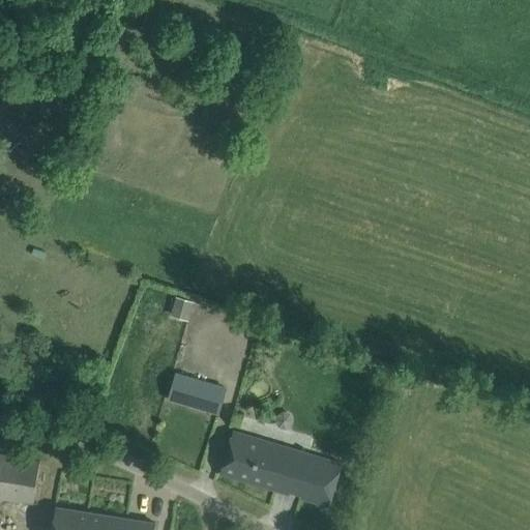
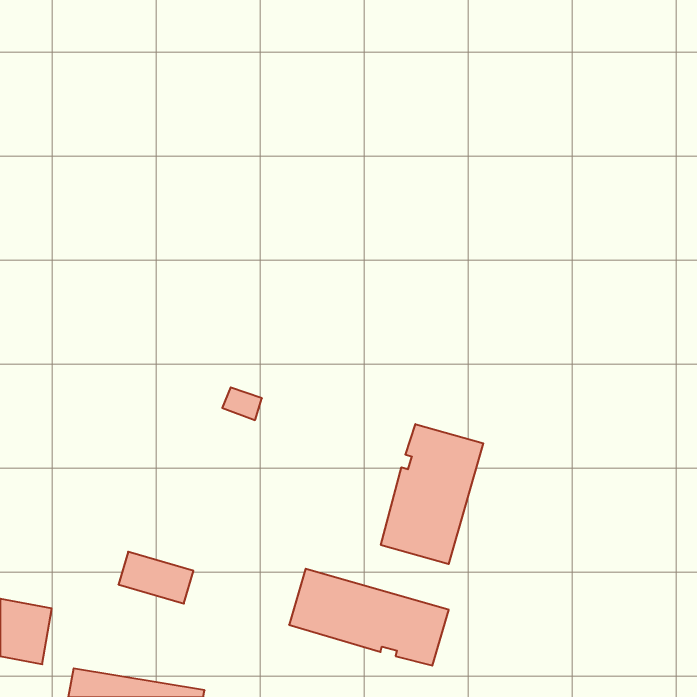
building: none -> [381,424,483,564]
building: [168,375,225,414] -> [118,552,193,604]

